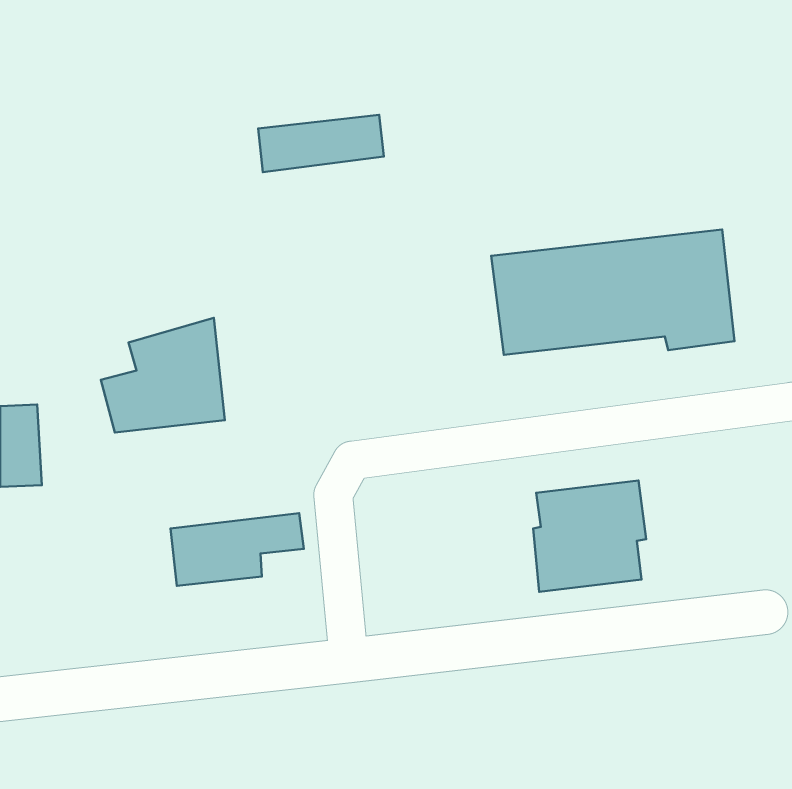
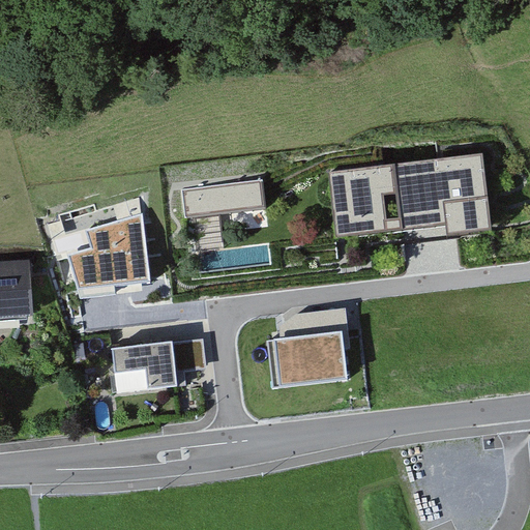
building: [258,115,384,172] -> [181,179,265,217]
building: [533,480,646,592] -> [274,306,350,381]

